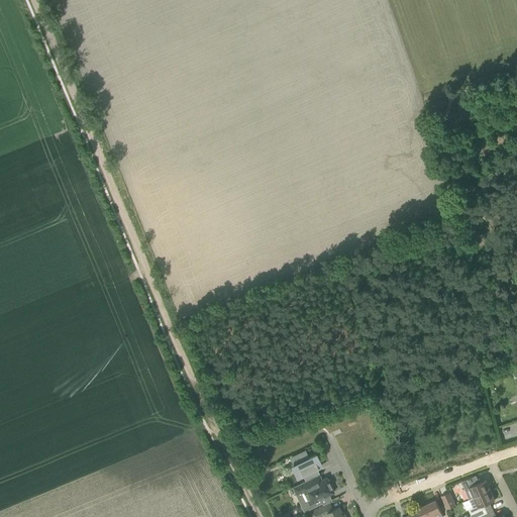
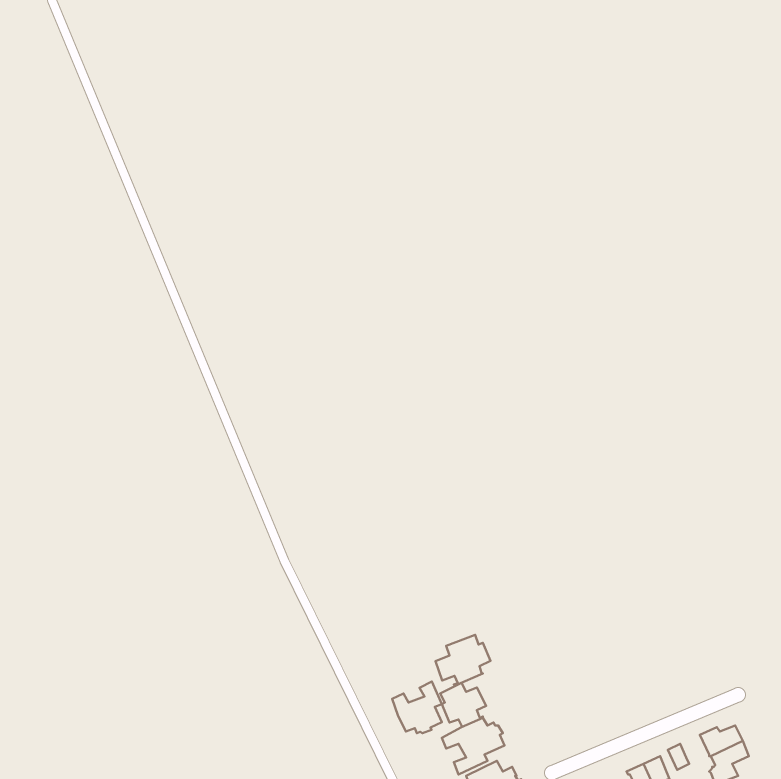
building: none -> [436,635,491,686]
building: none -> [392,681,442,733]

